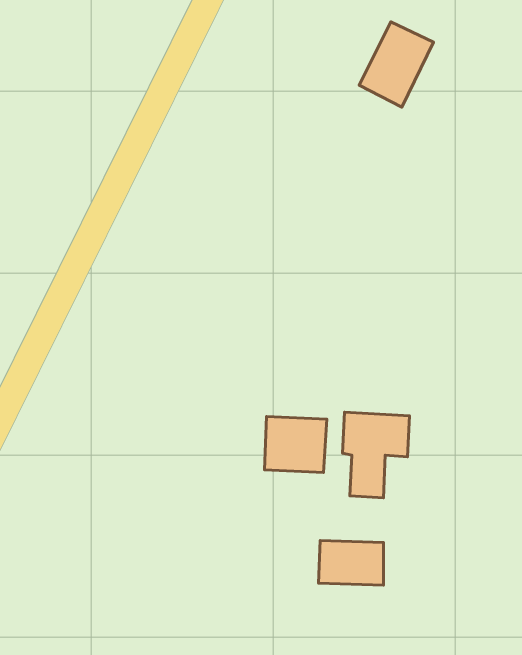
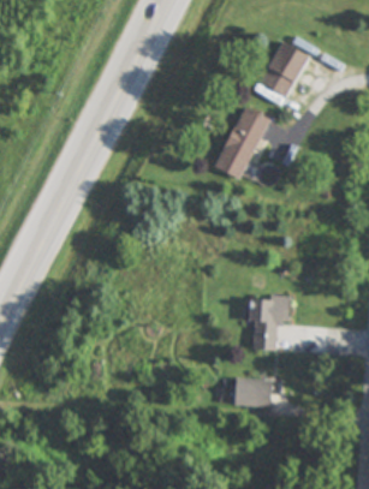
building: none -> [215,105,268,179]
building: [265,416,327,472] -> none

